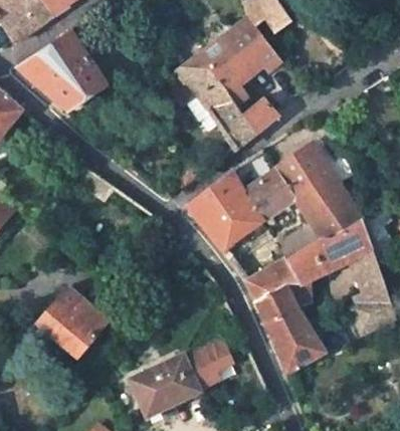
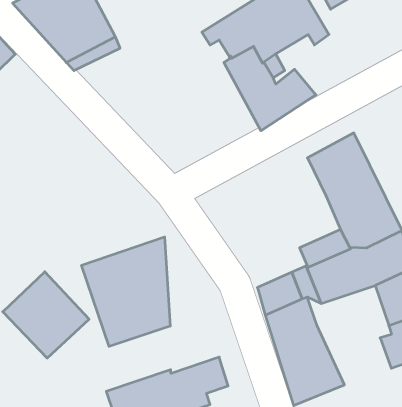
building: [188,168,294,248] -> none
building: none -> [82,237,170,346]

